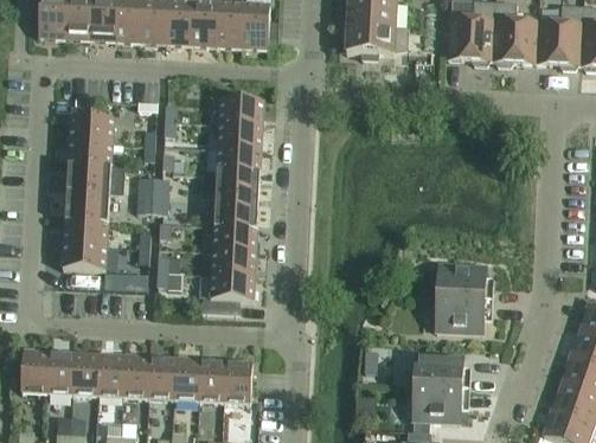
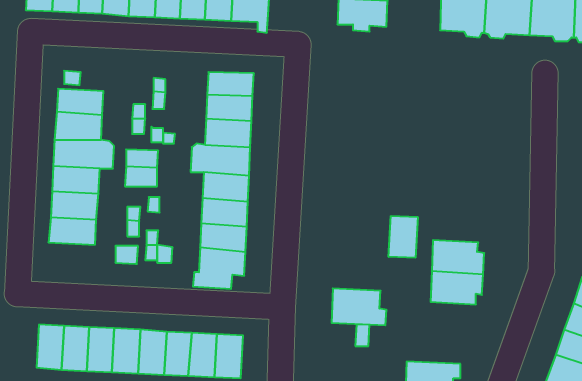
building: none -> [389,216,418,258]
building: [19,348,50,392] -> none
building: [415,352,469,389] -> [332,288,387,325]

